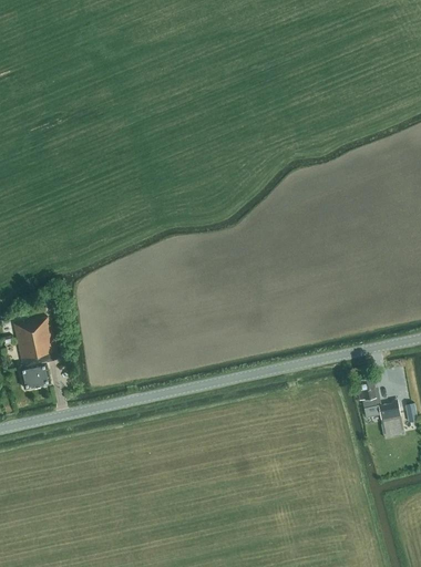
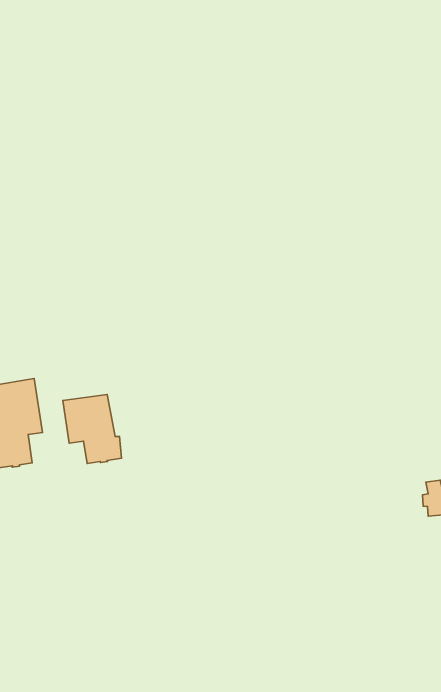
building: none -> [63,394,121,463]

